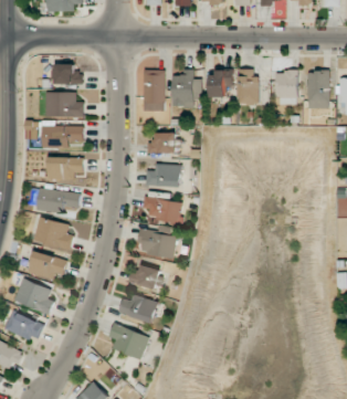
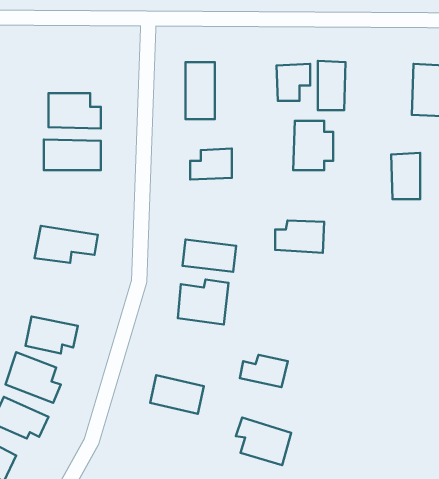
building: [54,65,82,85] -> none
building: [171,72,200,107] -> [293,121,333,170]
building: [276,72,297,105] -> [391,153,420,199]
building: [48,158,83,180] -> none
building: [146,165,181,188] -> [275,220,324,253]
building: [32,218,74,253] -> none
building: [128,266,162,290] -> [240,355,288,387]
building: [108,325,148,359] -> [236,418,291,465]

